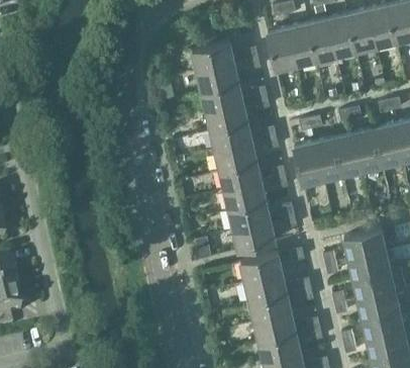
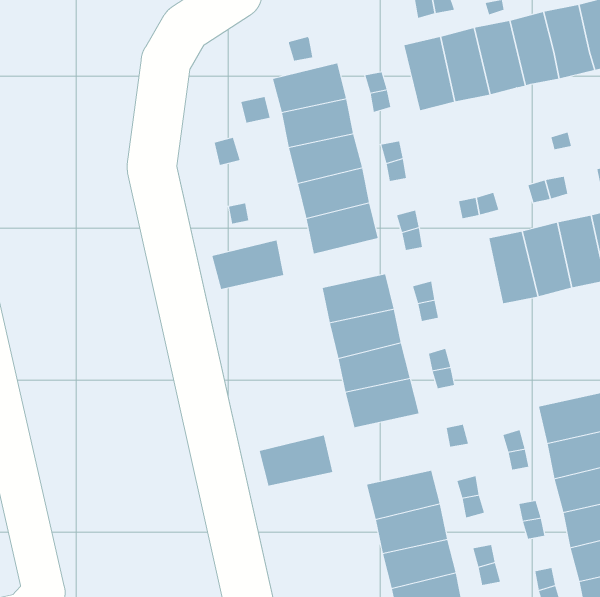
building: [215,141,257,169] -> [211,240,284,289]
building: [294,141,323,183] -> none
building: [240,252,283,281] -> [259,435,333,486]

